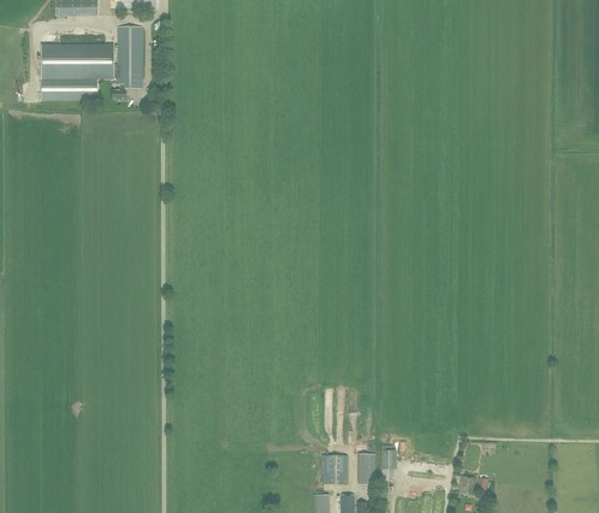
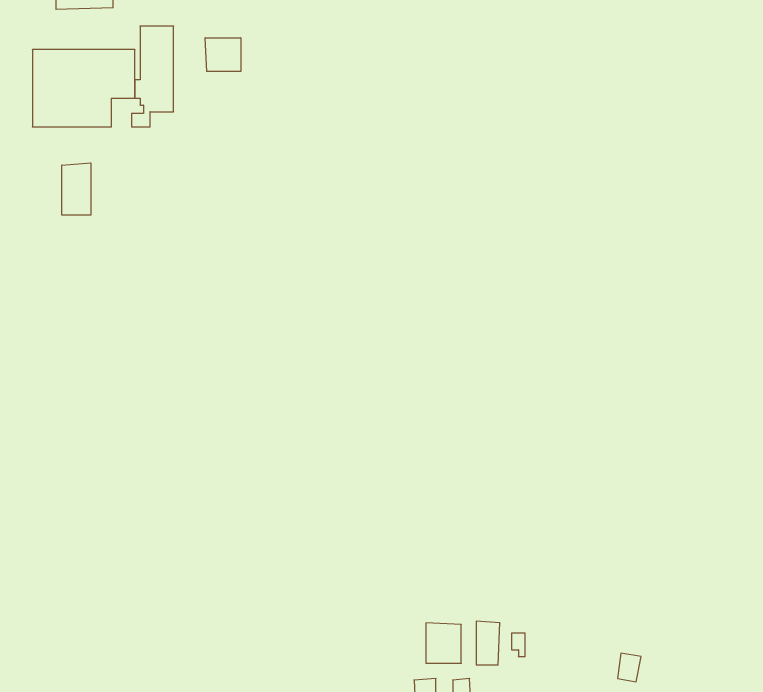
building: none -> [205,38,241,71]
building: none -> [62,163,91,215]

